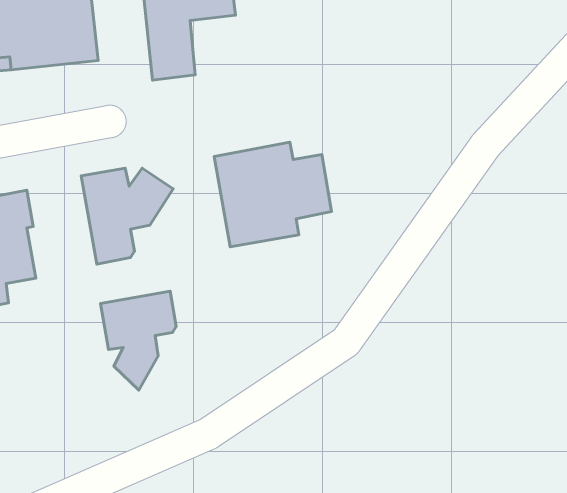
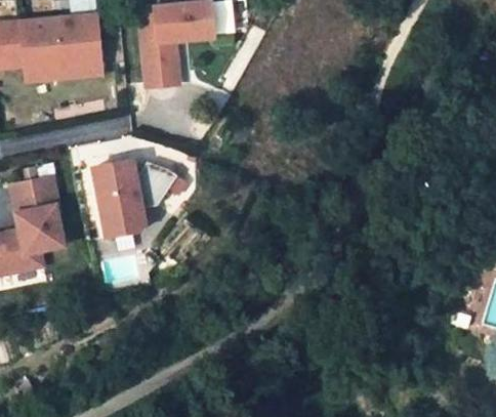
building: [214,142,332,247] -> none
building: [100,291,176,390] -> none

